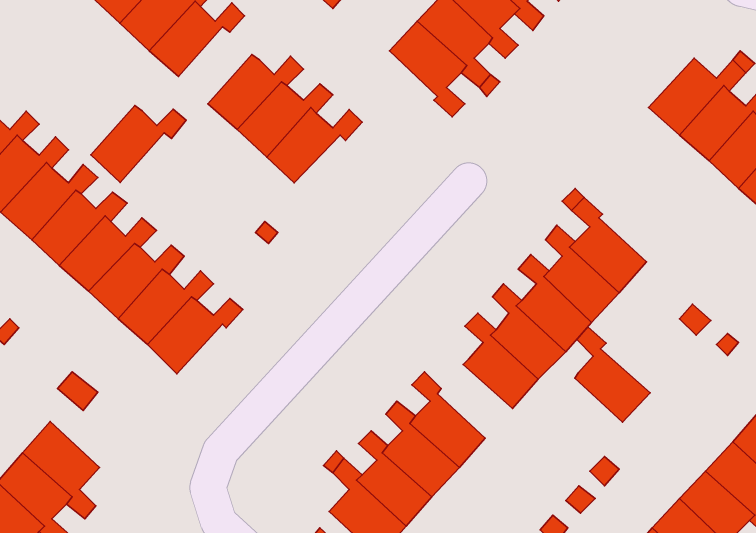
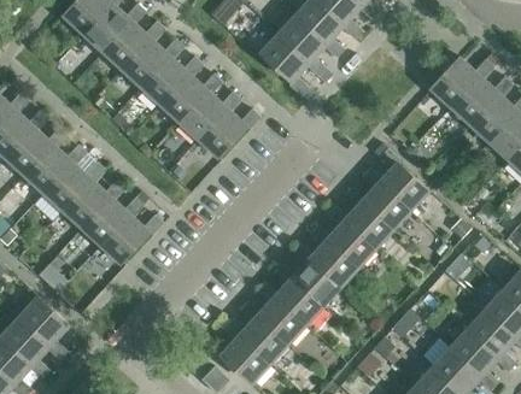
building: [91,105,186,183] -> [121,37,183,88]
building: none -> [197,108,261,159]
building: [575,327,650,422] -> [291,245,340,307]

